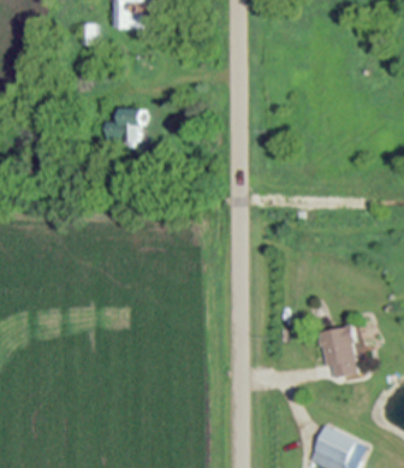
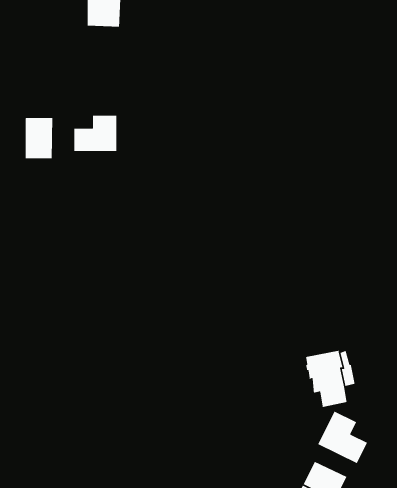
building: none -> [25,117,53,159]
building: none -> [317,410,368,464]

